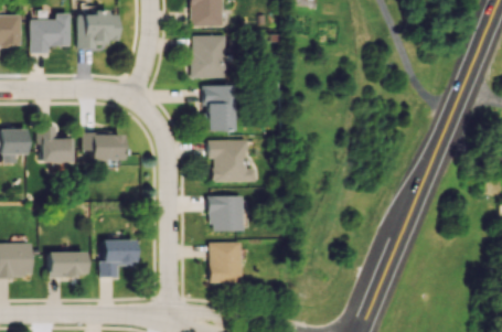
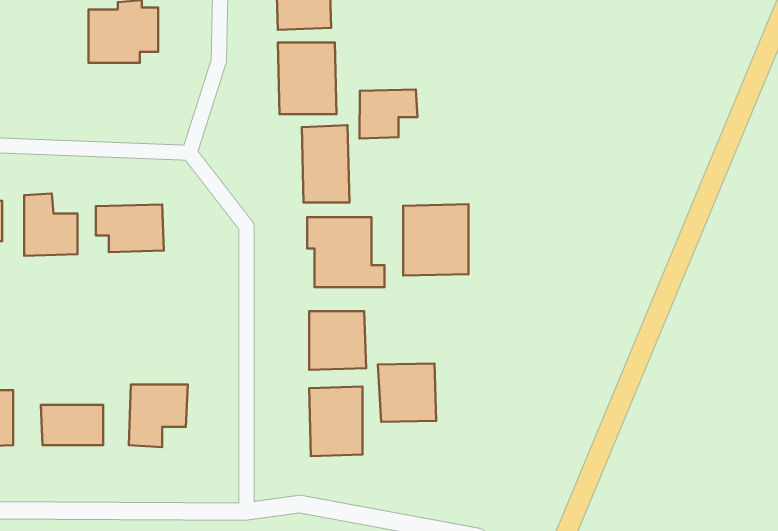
building: [30,14,71,53] -> none
building: none -> [359,89,417,139]
building: none -> [403,204,468,275]
building: none -> [378,363,436,422]

